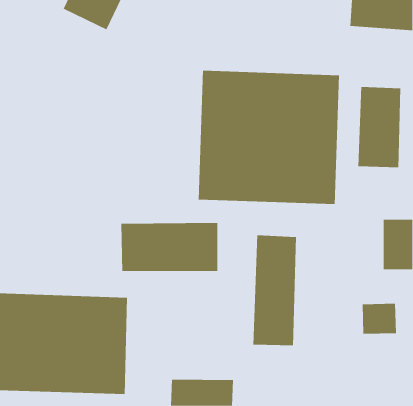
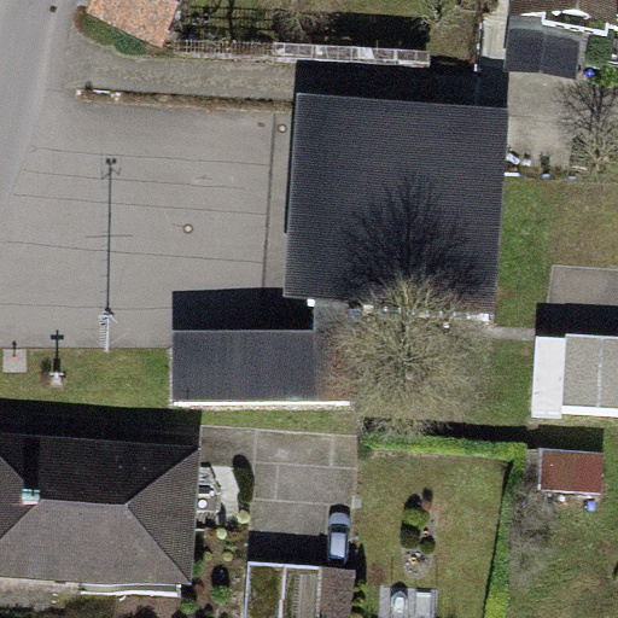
building: [358,86,401,168] -> none
building: [253,234,297,346] -> none

